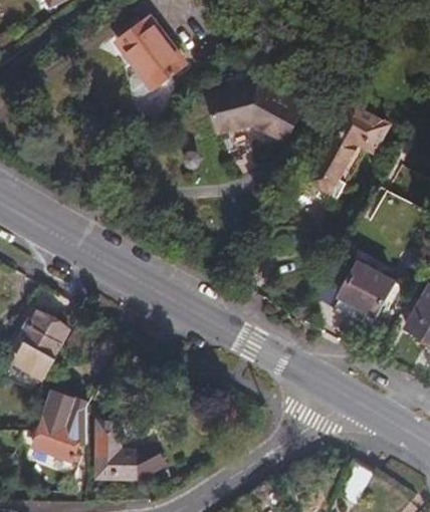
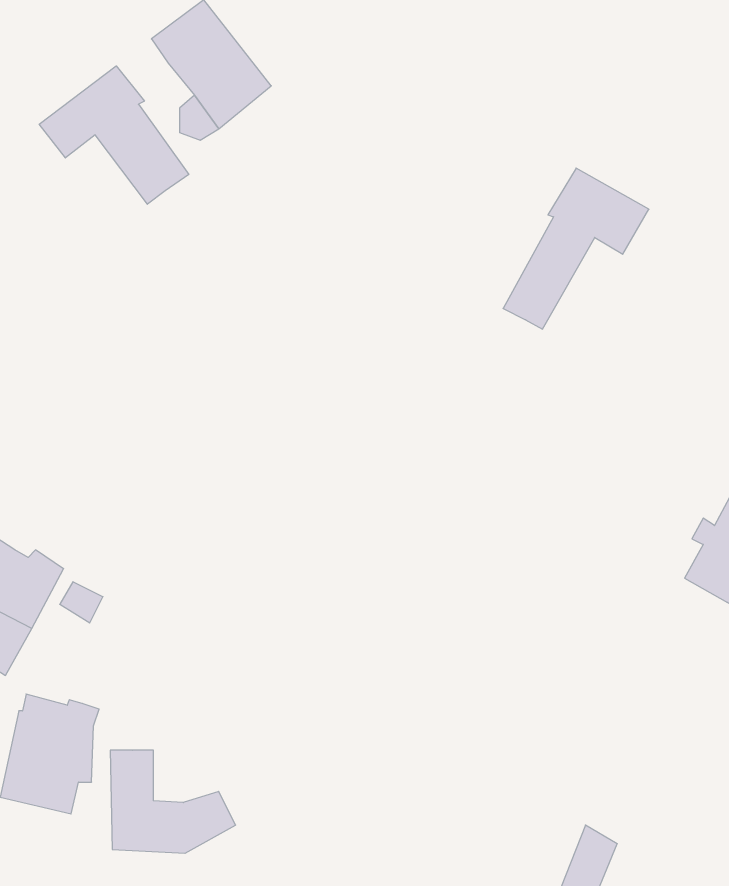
building: none -> [39,66,189,204]
building: [208,82,303,145] -> none
building: [335,267,396,331] -> none

